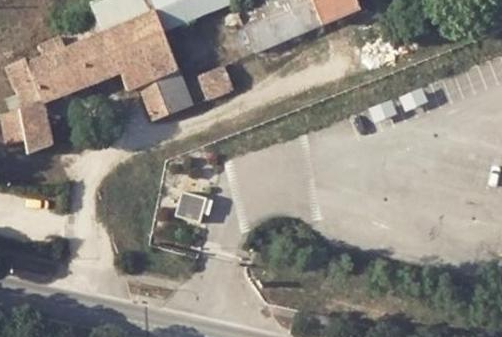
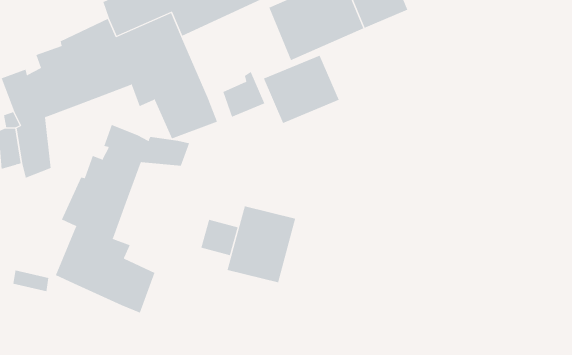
building: none -> [263,55,339,124]
building: none -> [55,124,190,313]
building: none -> [227,205,296,283]

